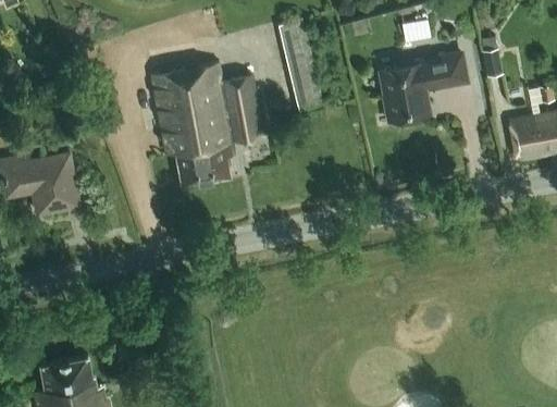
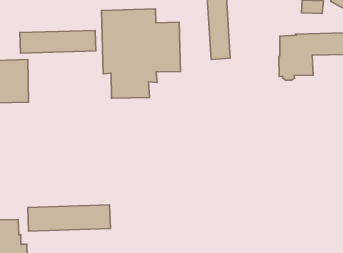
building: none -> [20,30,96,53]
building: none -> [28,205,110,231]

